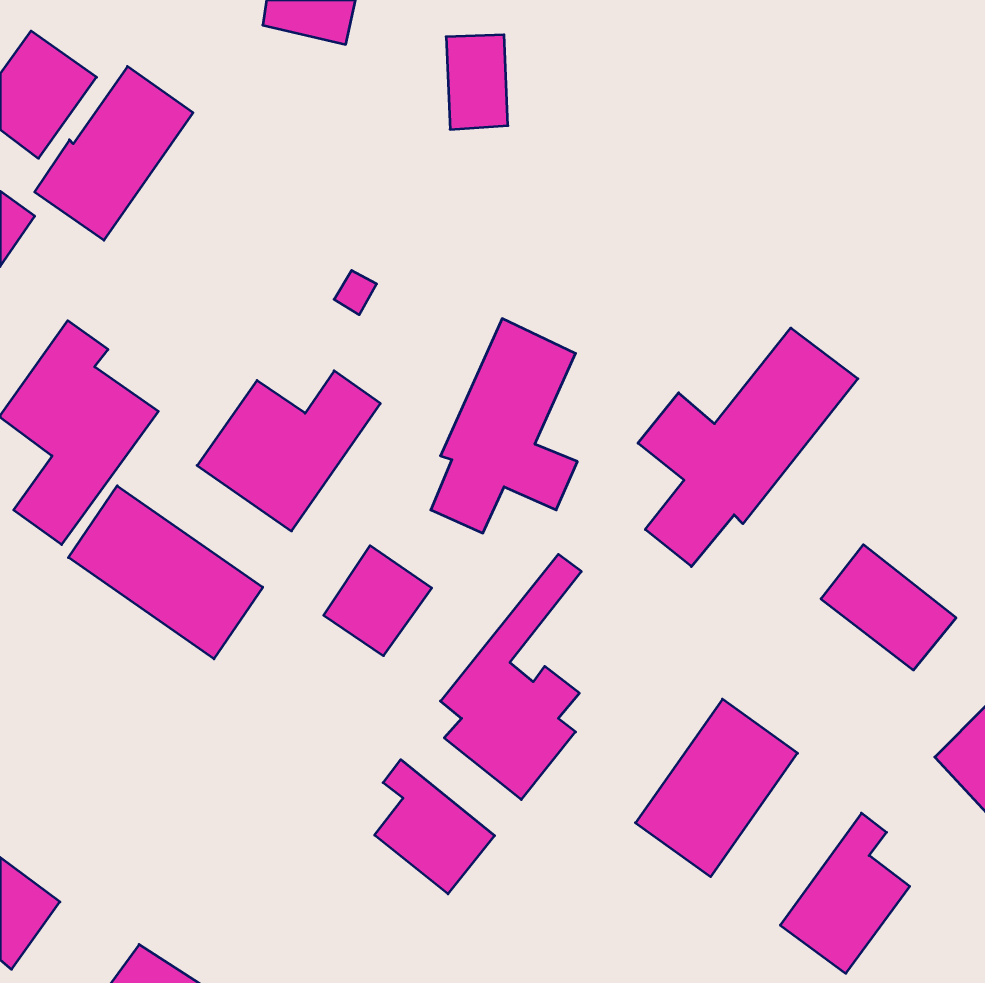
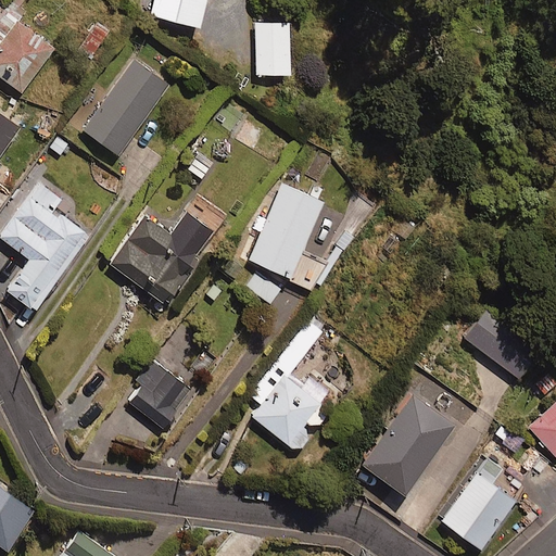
building: [35,66,193,240] -> [80,56,169,154]
building: [638,328,858,567] -> none
building: [68,486,263,659] -> none
building: [324,546,432,656] -> [131,365,192,427]
building: [375,760,495,894] -> none

